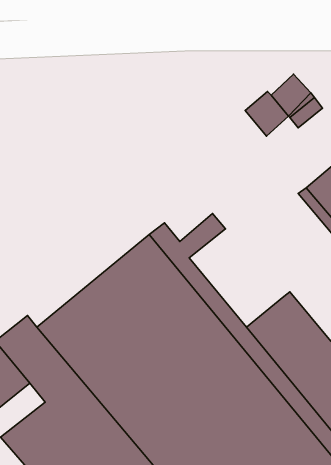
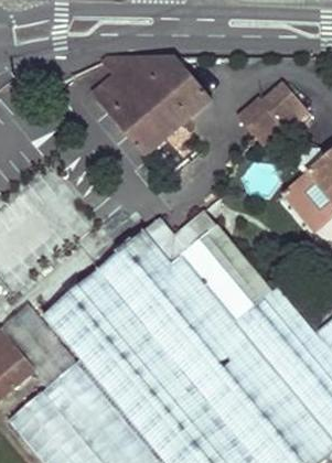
building: none -> [93,56,211,155]
building: none -> [183,226,272,319]

